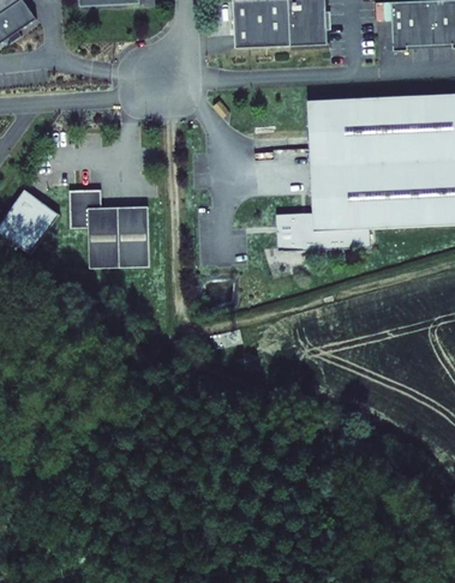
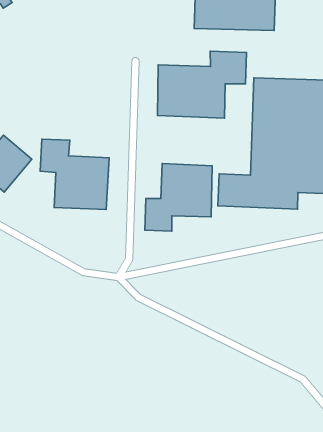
building: none -> [157,51,246,118]
building: none -> [145,164,212,231]

